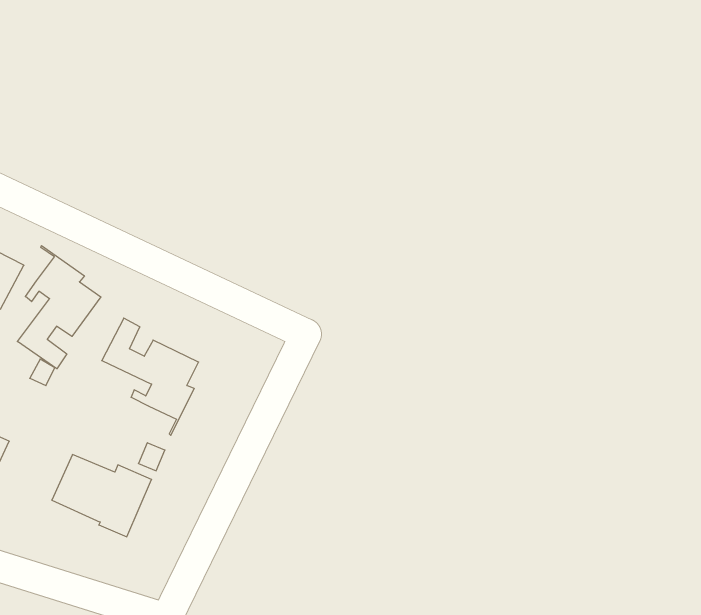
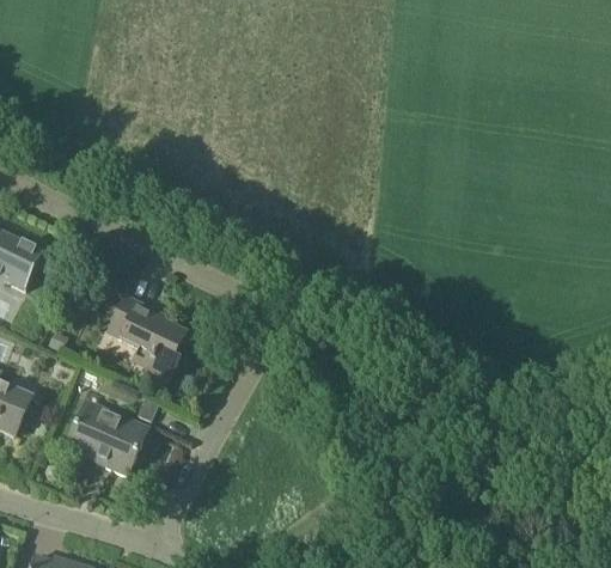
building: [17,246,101,369] -> none

